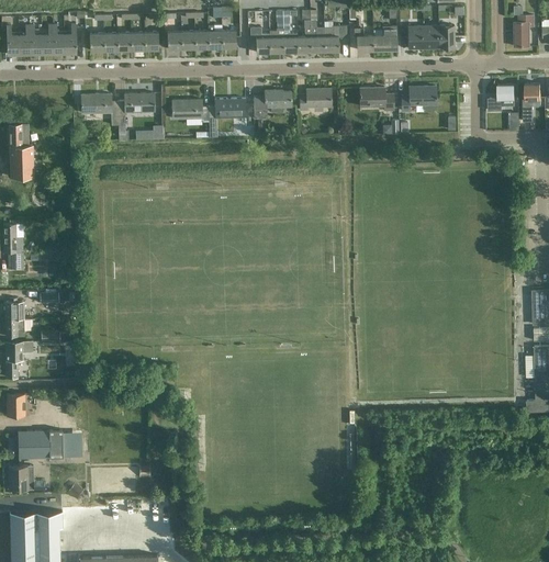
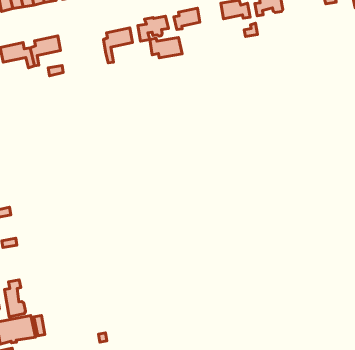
building: [171,99,209,122] -> none
building: none -> [150,38,182,58]
building: none -> [5,280,26,317]

